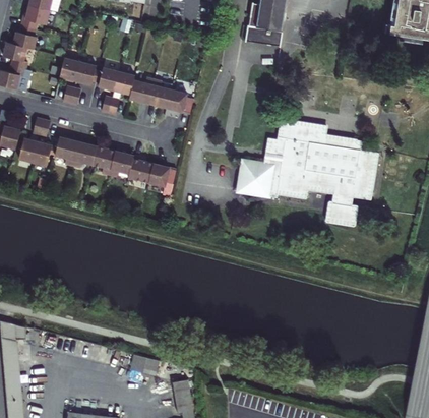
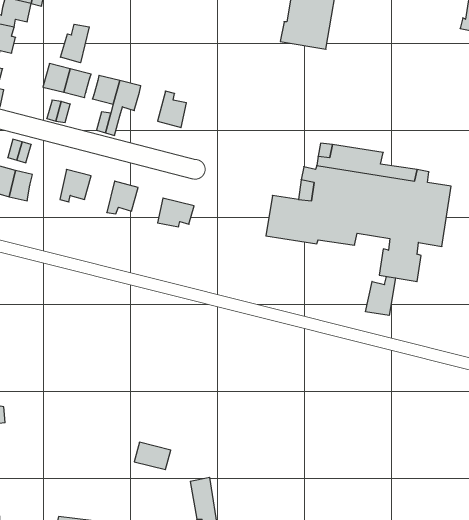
building: none -> [60,24,89,63]
building: [129,77,154,103] -> none
building: [166,88,193,113] -> none
building: [53,136,76,164] -> none
building: [90,145,114,174] -> none
building: [126,155,151,182] -> none
building: none -> [366,277,396,315]

